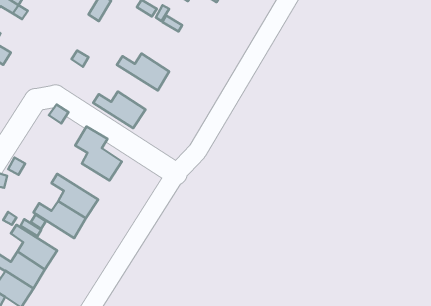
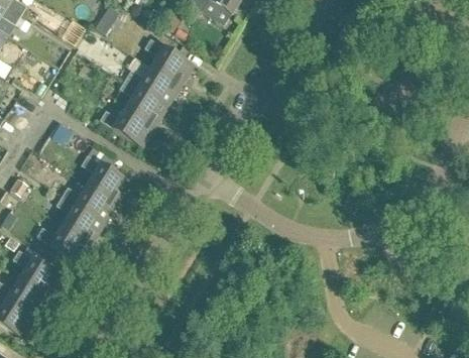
building: none -> [144,37,194,86]
building: none -> [119,79,168,126]
building: none -> [50,178,117,222]

